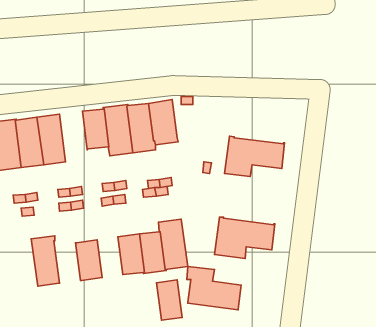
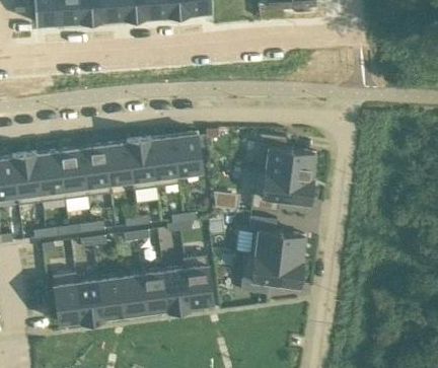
building: none -> [260,133,315,177]
building: none -> [82,144,113,196]
building: none -> [76,274,104,321]
building: [187,266,241,310] -> [249,216,305,261]
building: [157,280,182,320] -> [121,273,147,314]

